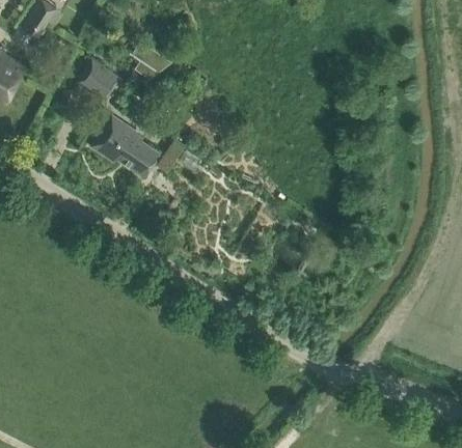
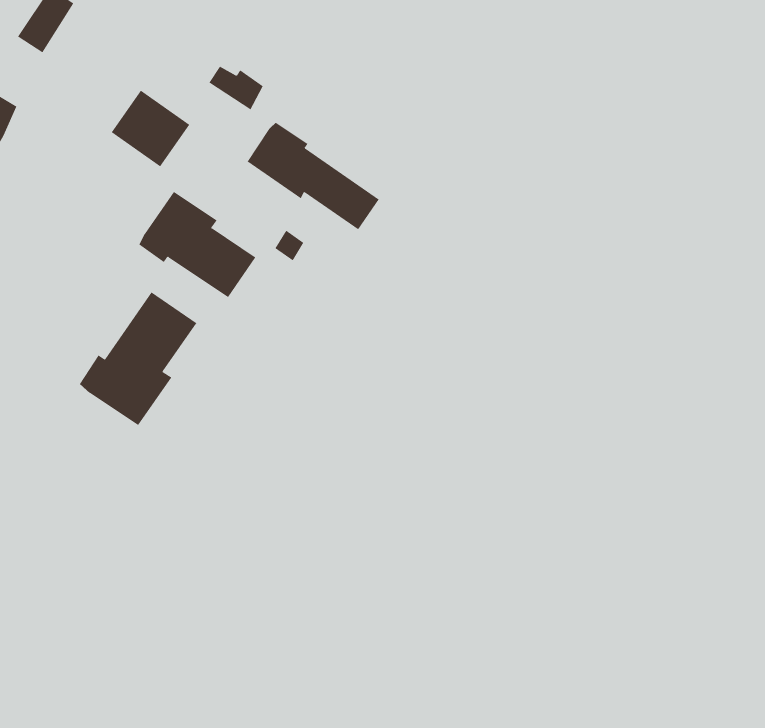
building: none -> [247,122,380,230]
building: none -> [79,291,197,426]

